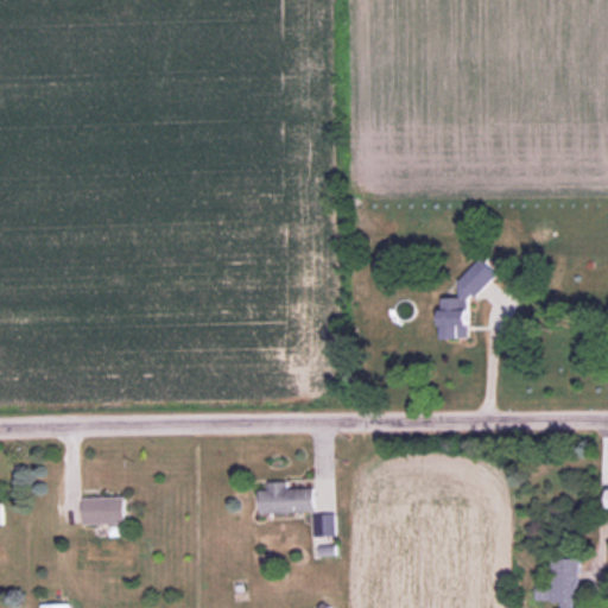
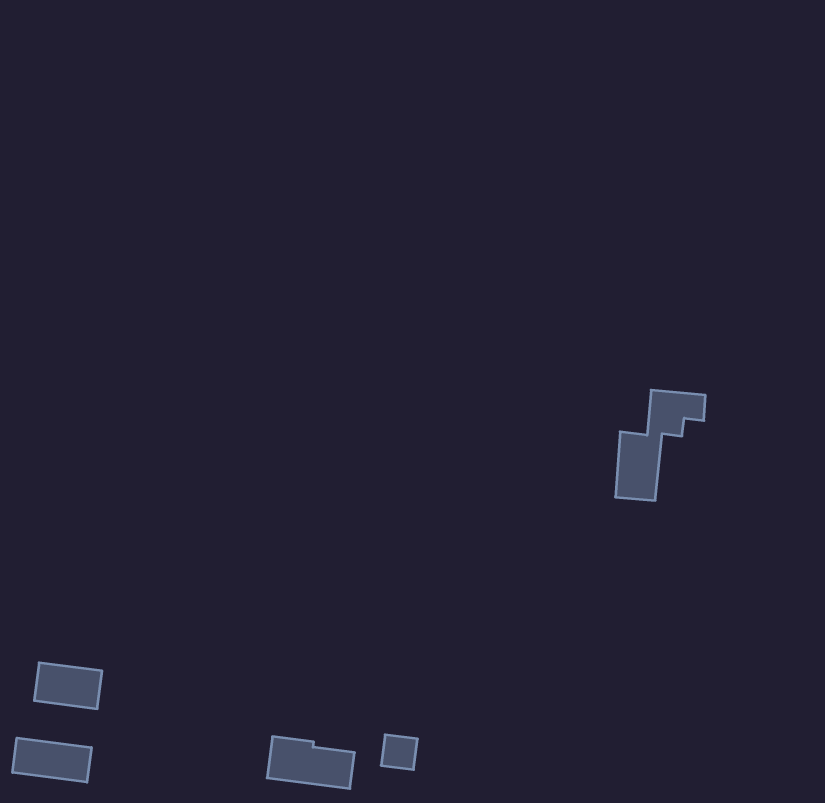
building: [256,486,311,513] -> [267,737,355,789]
building: none -> [13,738,91,782]

